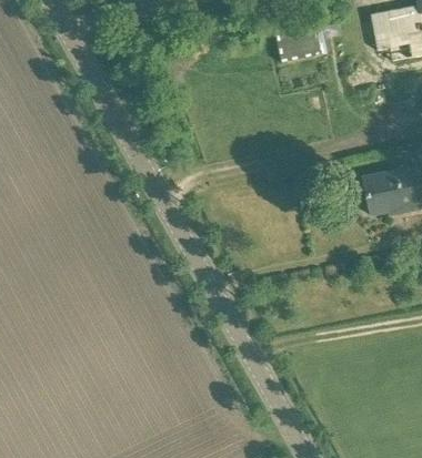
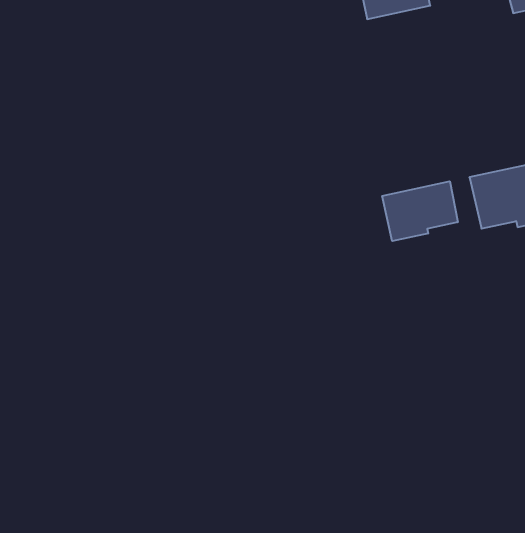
building: none -> [382,181,458,241]

